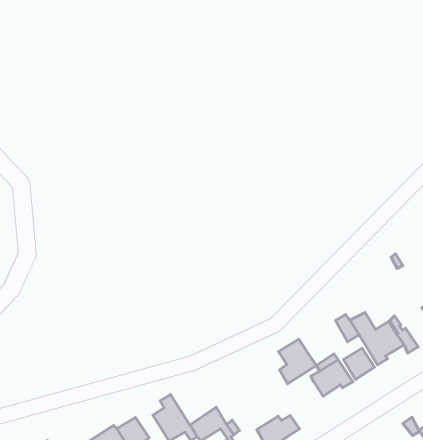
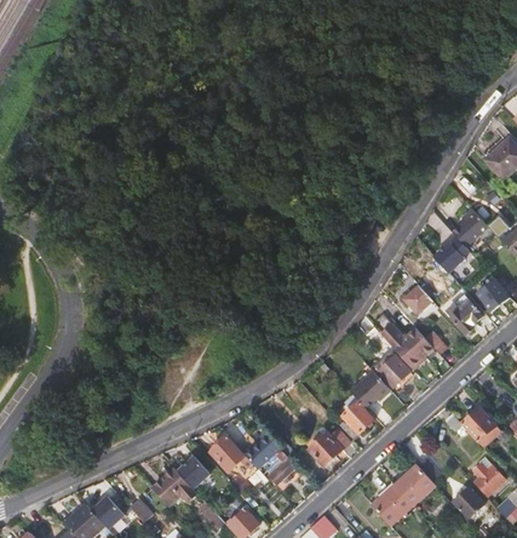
building: none -> [398,285,432,315]
building: [279,339,316,384] -> [338,396,375,440]

